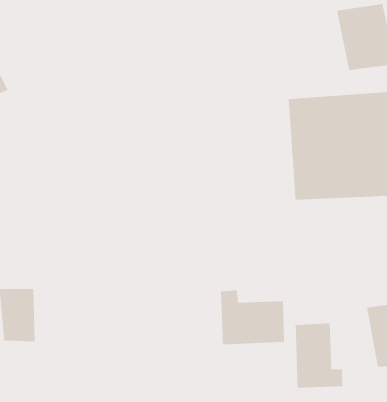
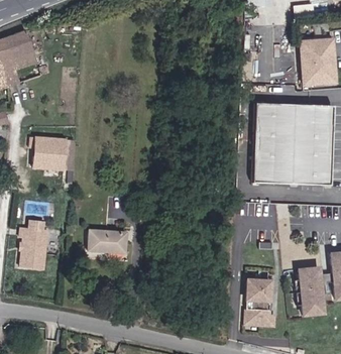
building: none -> [33,136,77,170]
building: none -> [88,228,127,255]
building: [220,290,284,345] -> none

